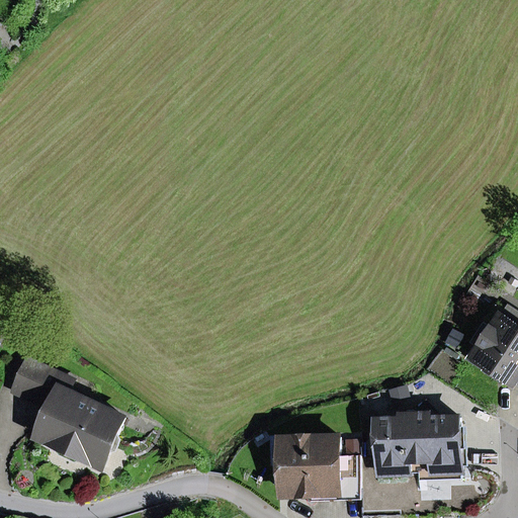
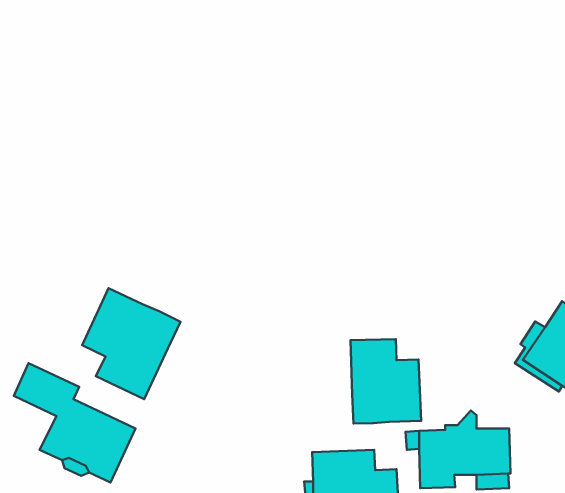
building: none -> [82,288,180,399]
building: none -> [350,339,421,423]

